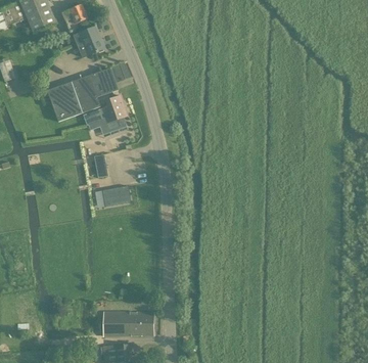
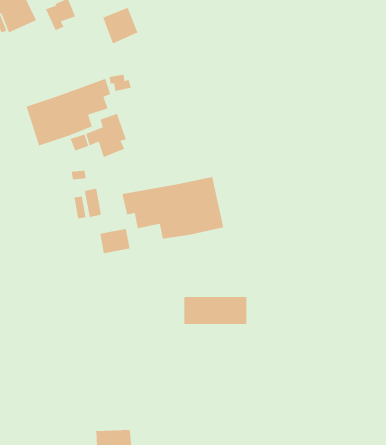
building: [75,27,103,56] -> [102,7,138,45]
building: none -> [122,176,224,240]
building: [103,312,153,334] -> [184,296,247,325]

